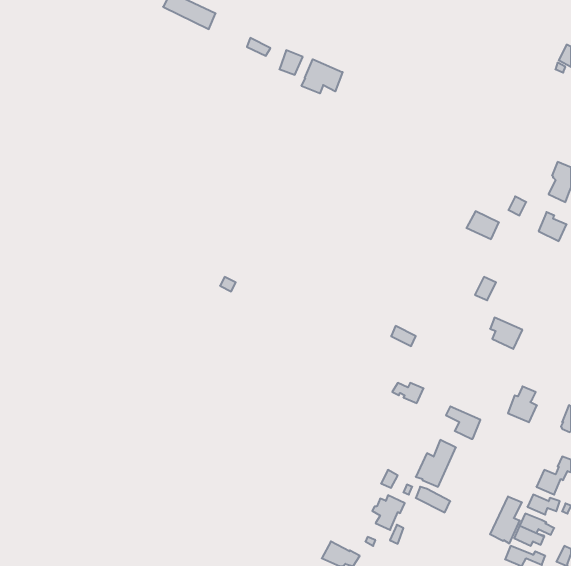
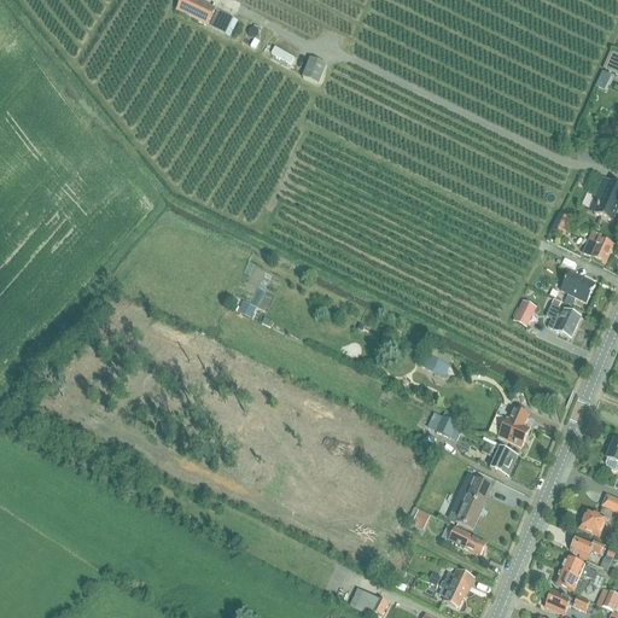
building: [302,59,343,93] -> none
building: [466,211,499,239] -> [560,270,595,301]
building: [490,318,522,349] -> [546,302,581,336]
building: [508,386,537,422] -> [500,407,531,445]
building: [372,495,405,530] -> [439,569,474,606]
building: [490,496,522,544] -> none

